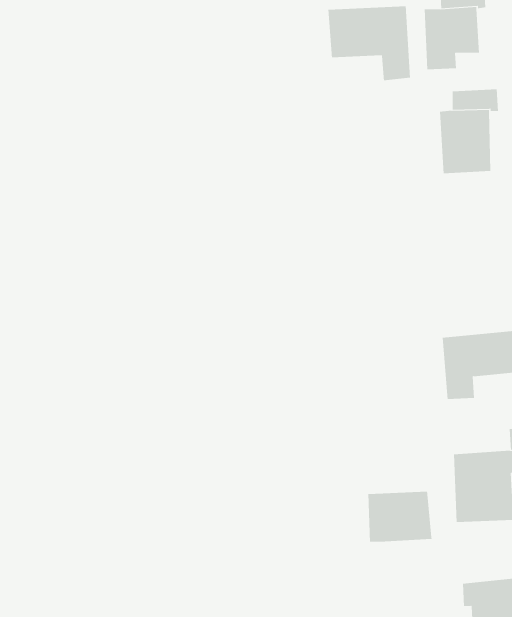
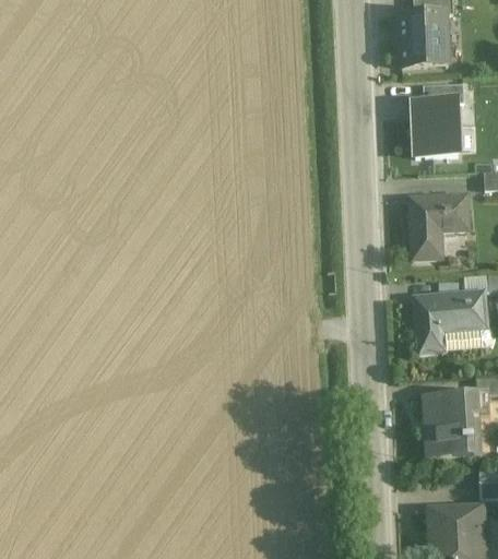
building: [328,5,411,81] -> none
building: none -> [410,194,466,259]
building: [368,491,432,542] -> none

